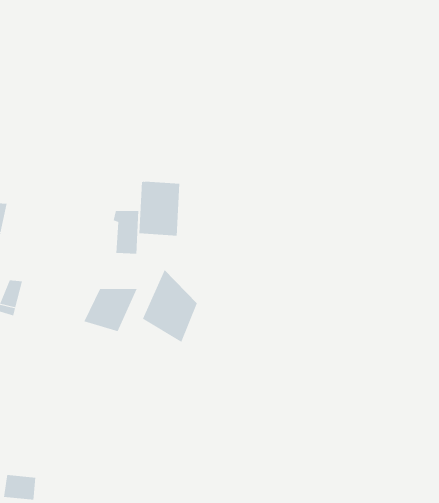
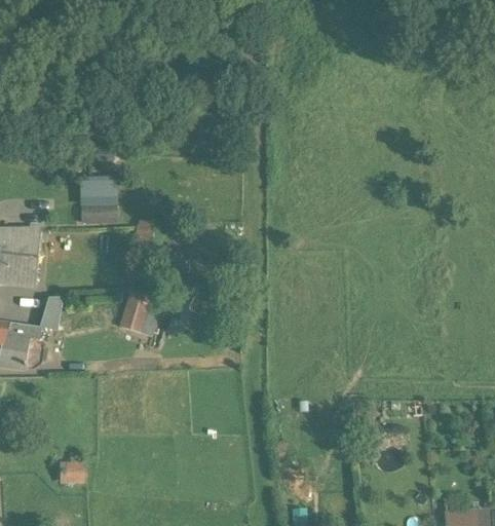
building: [139,181,180,236] -> [79,173,116,221]
building: [142,269,197,343] -> none

